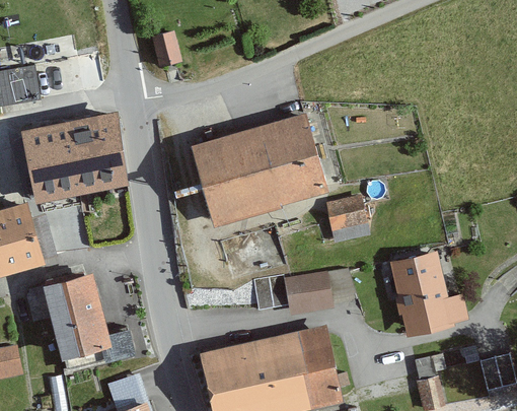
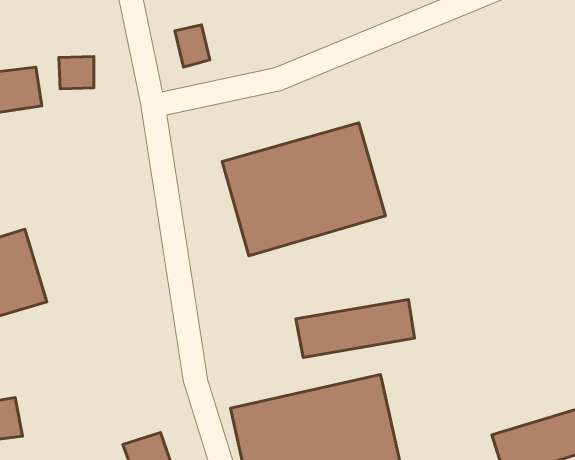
building: [21,116,130,205] -> none
building: [326,198,370,243] -> none
building: [388,246,467,333] -> none
building: [43,275,112,361] -> none

